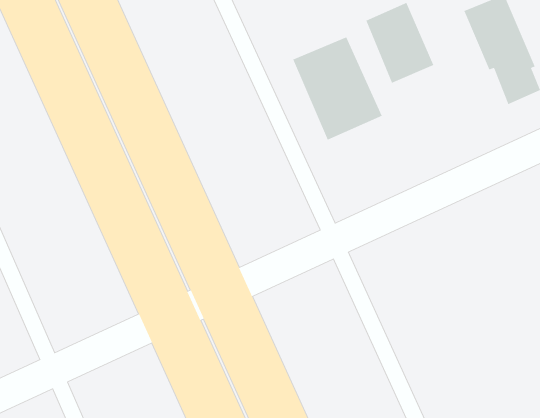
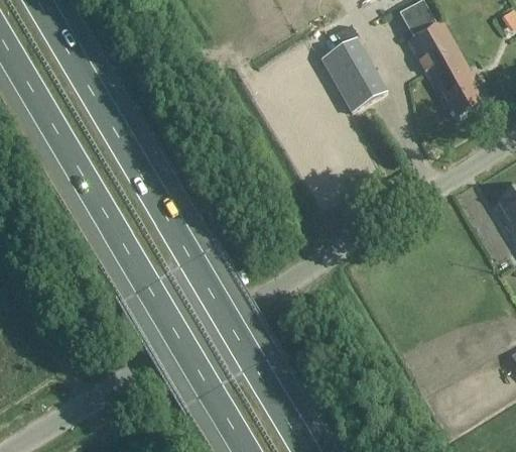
building: [293,36,382,140] -> none

